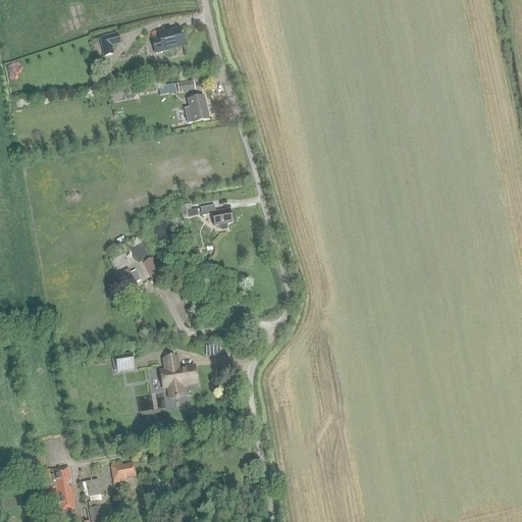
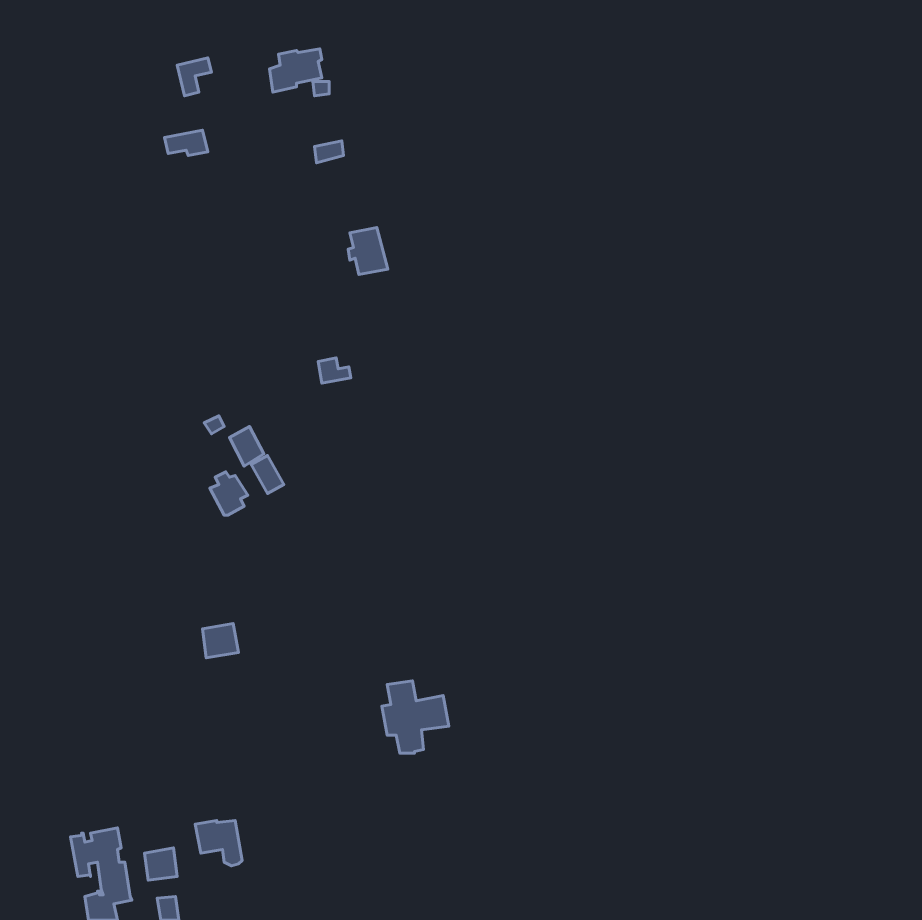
building: [187,95,209,121] -> [348,227,388,274]
building: [201,204,232,229] -> none
building: [160,356,198,397] -> [382,681,449,753]

